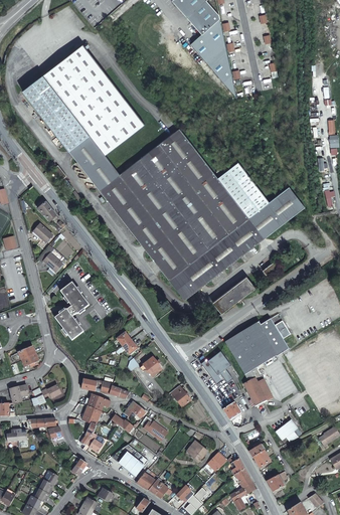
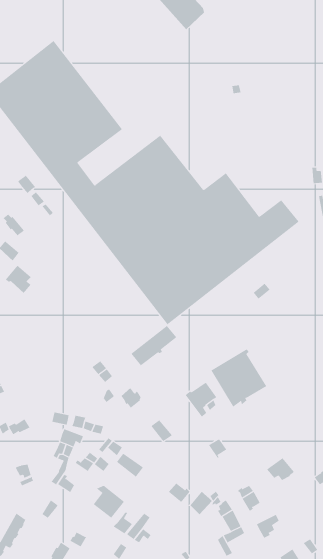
building: [190,17,236,97] -> none
building: [213,276,256,313] -> [131,325,177,366]
building: [54,282,89,339] -> none
building: [258,318,289,355] -> none
building: [243,368,273,406] -> none

